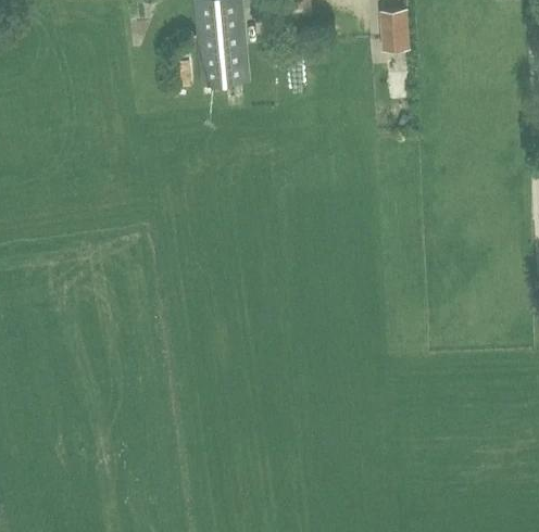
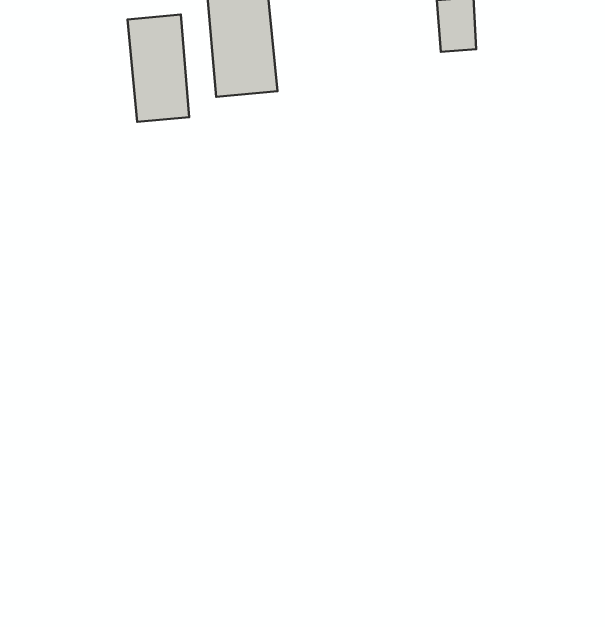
building: none -> [128,15,189,122]

